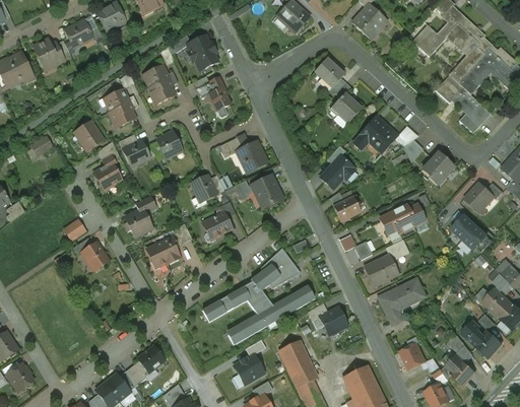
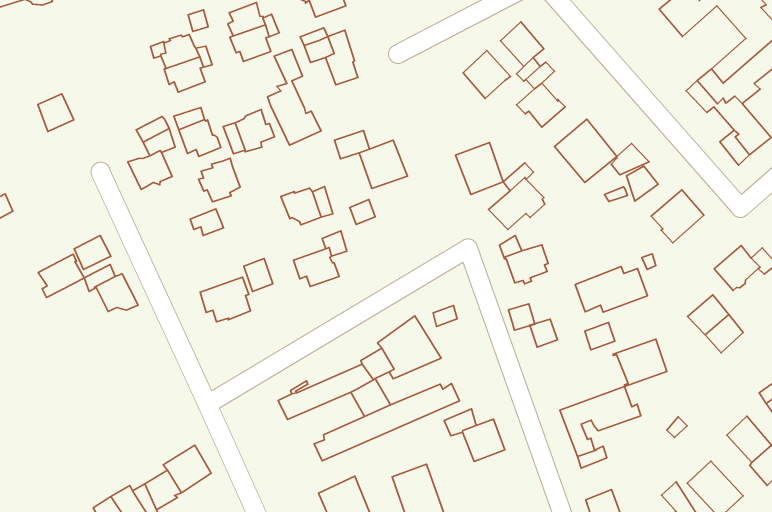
building: none -> [463,50,511,99]
building: none -> [267,49,321,145]
building: [76,120,103,149] -> none
building: [250,174,281,207] -> [455,143,503,195]
building: [124,207,150,235] -> [199,158,240,202]
building: none -> [38,254,84,298]
building: [364,255,398,286] -> [613,339,667,386]

